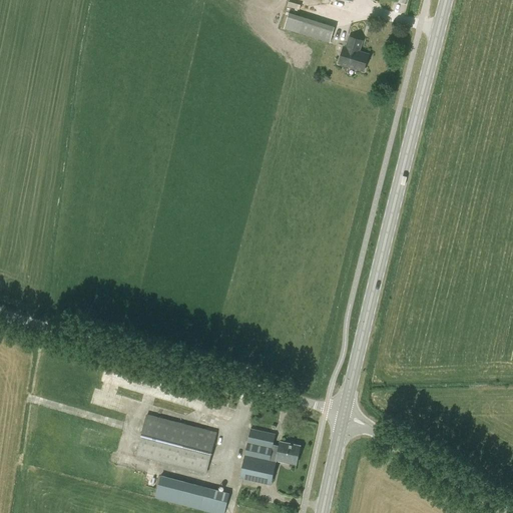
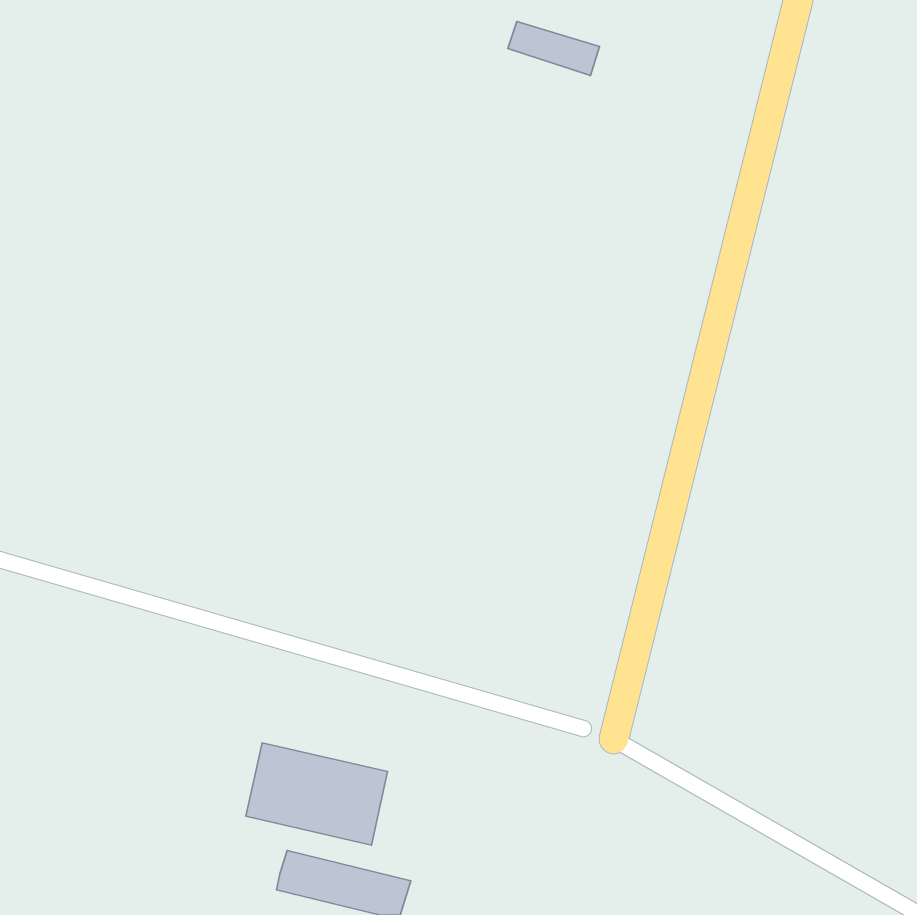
building: [339,36,368,70] -> none
building: [239,428,300,484] -> none

